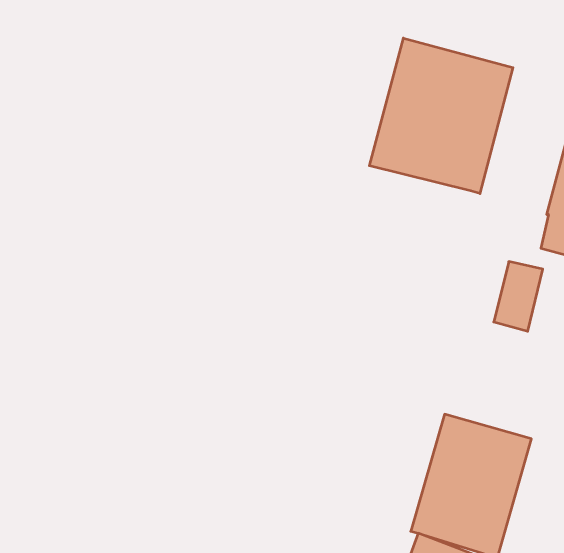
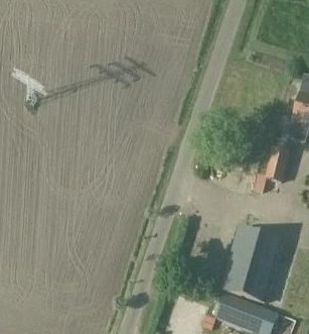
building: [369,38,513,194] -> none

